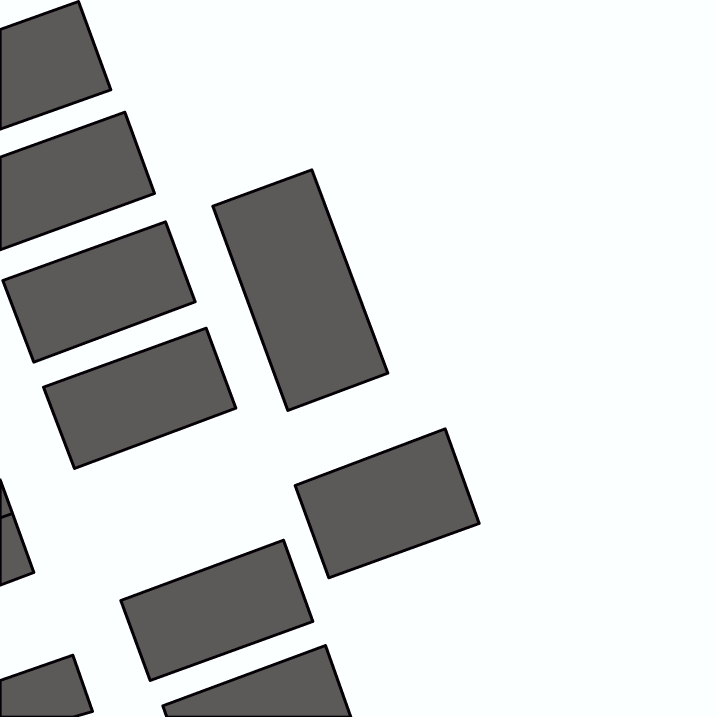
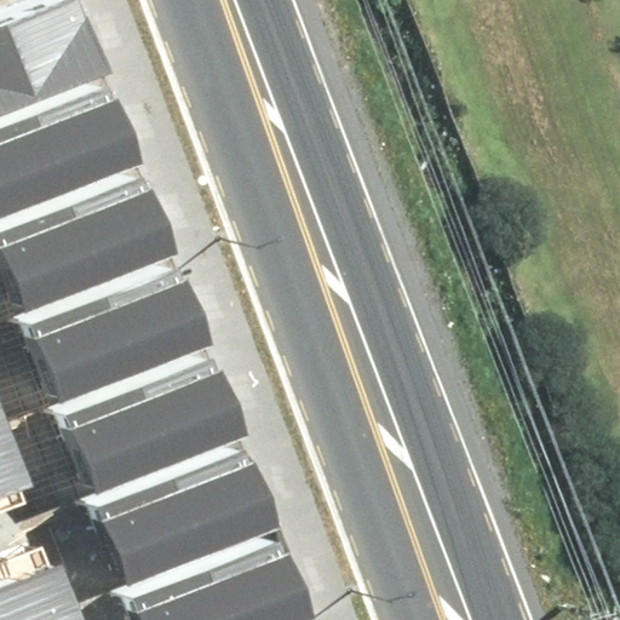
building: [213,170,388,411] -> none
building: [295,429,479,578] -> none
building: none -> [67,374,232,495]

